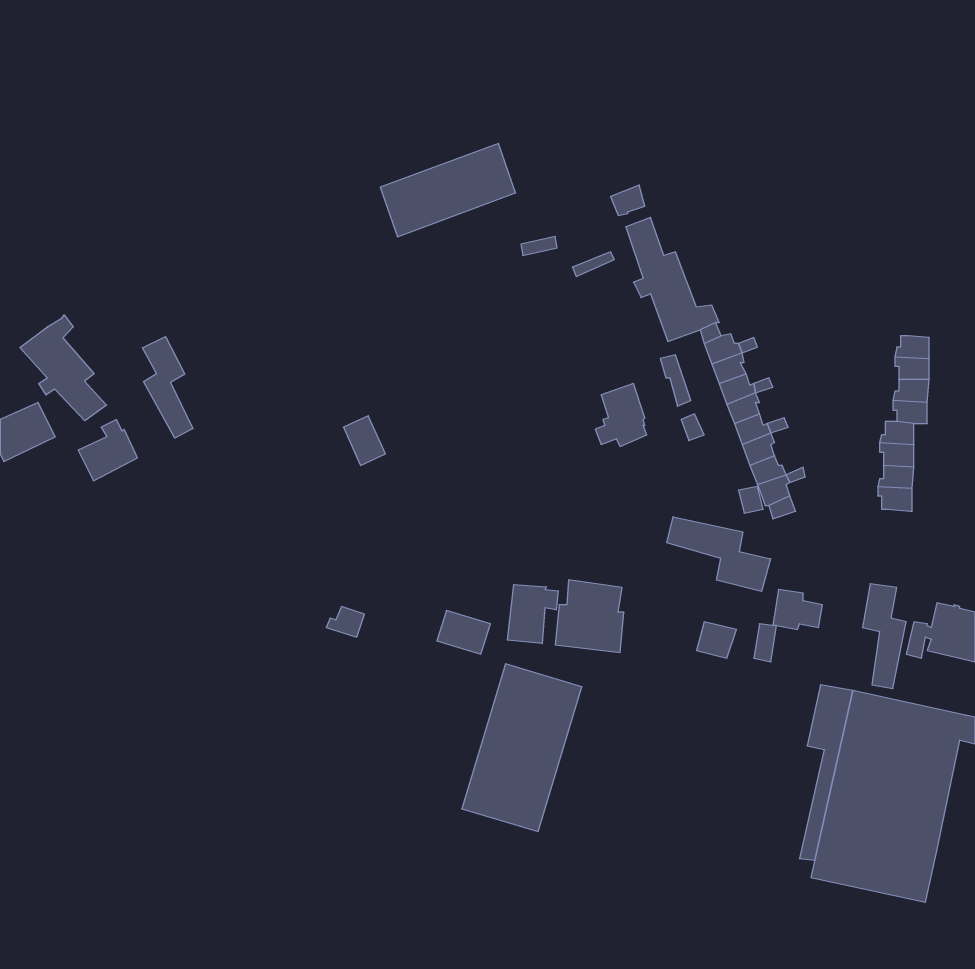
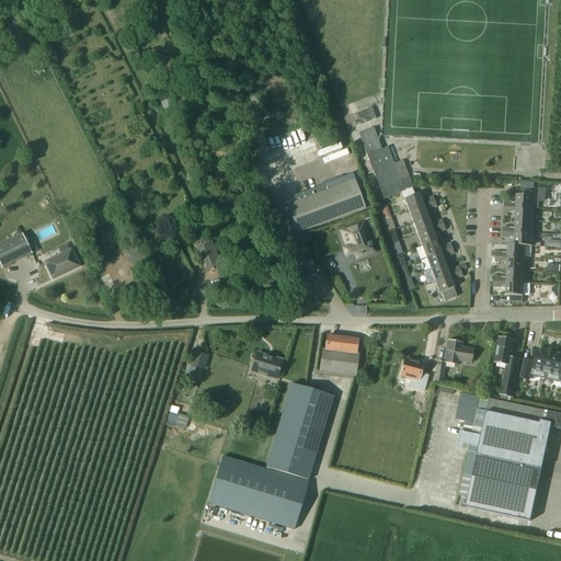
building: [380,143,516,237] -> [287,178,365,231]
building: [20,315,107,421] -> none
building: [142,337,193,438] -> none
building: [667,517,771,591] -> none
building: [507,584,558,644] -> none
building: none -> [209,455,309,527]

